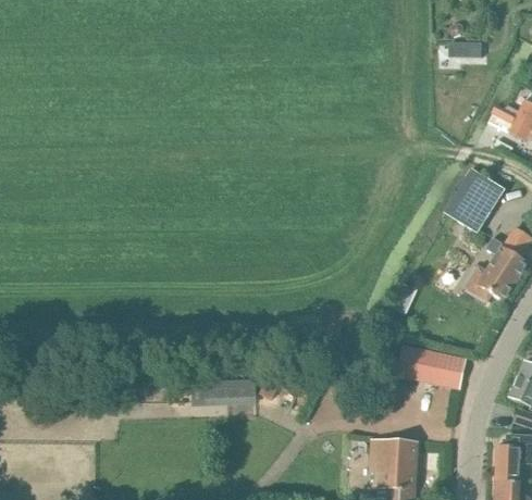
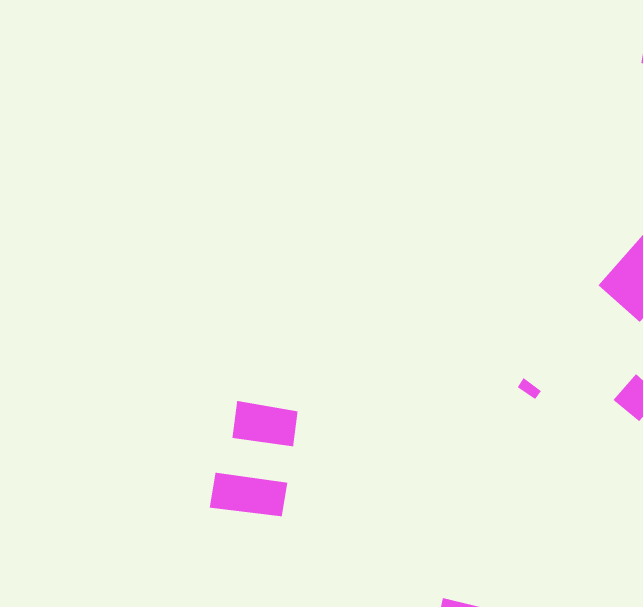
building: none -> [232,400,298,447]
building: [399,347,465,385] -> none

